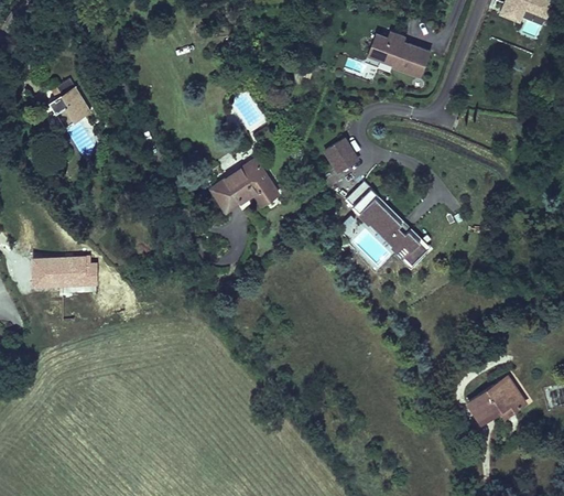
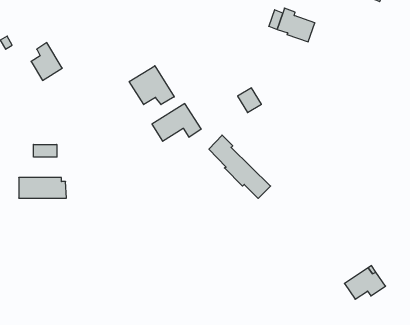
building: none -> [129,66,174,105]
building: [347,180,430,265] -> [209,135,271,198]
building: none -> [33,144,57,157]

